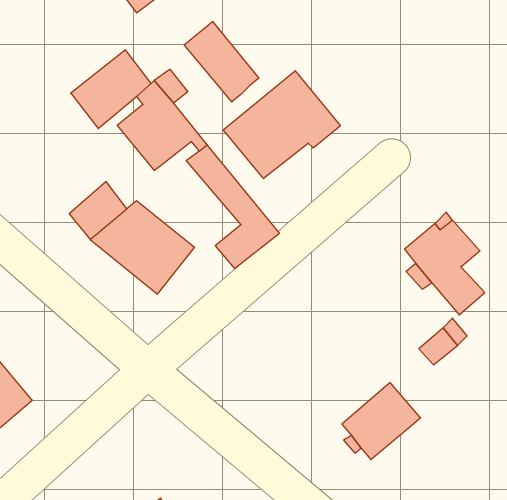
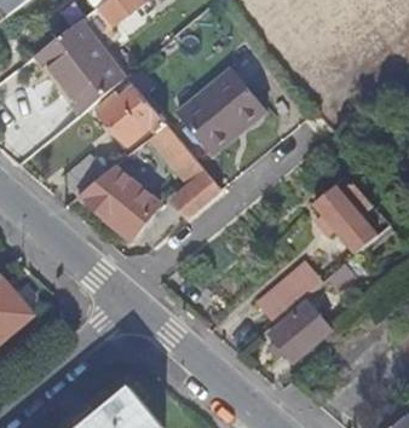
building: none -> [38,21,104,86]
building: [184,22,259,102] -> none
building: none -> [255,262,322,324]

